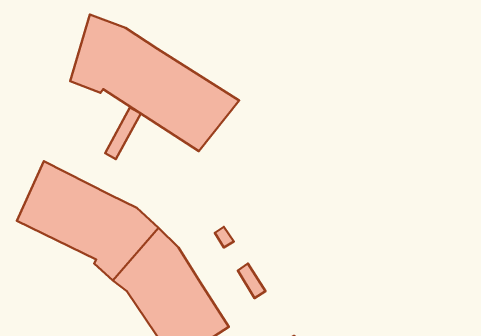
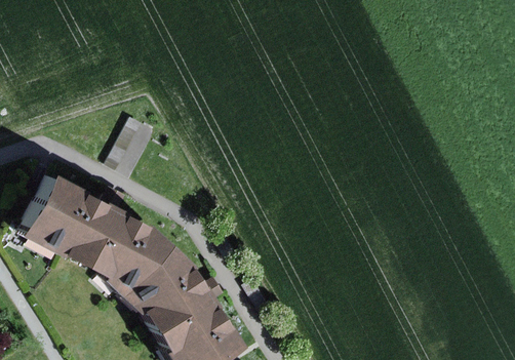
building: [70,15,239,151] -> none

